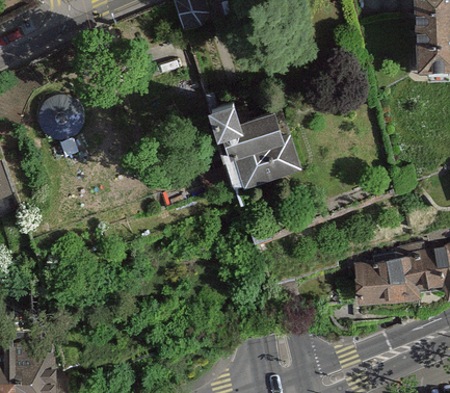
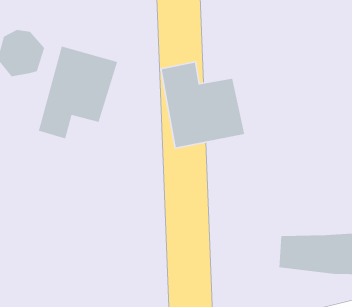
building: none -> [38,45,118,139]

